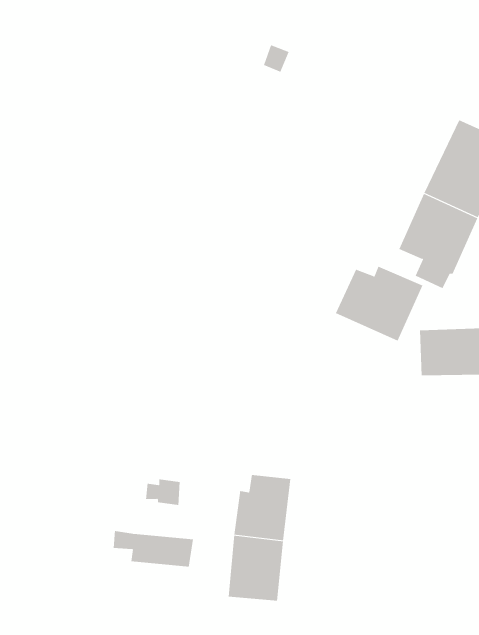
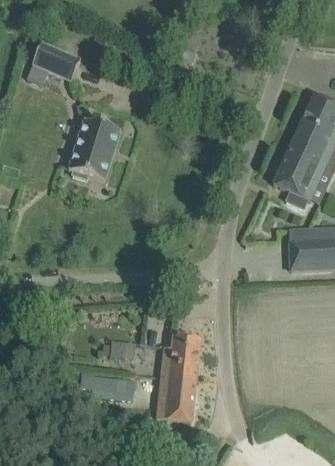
building: none -> [32,43,80,80]
building: none -> [68,120,120,181]
building: [335,266,423,341] -> none

